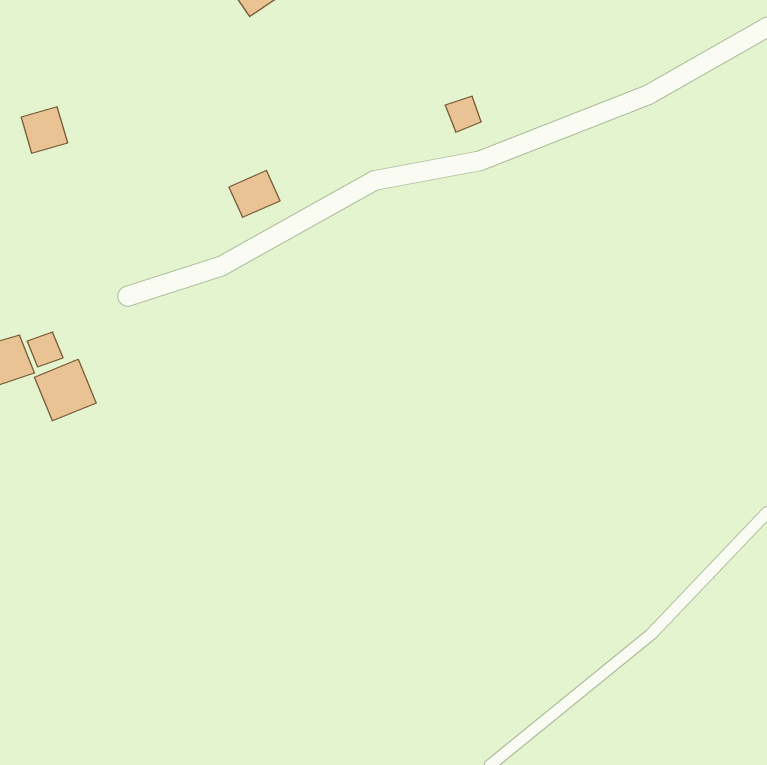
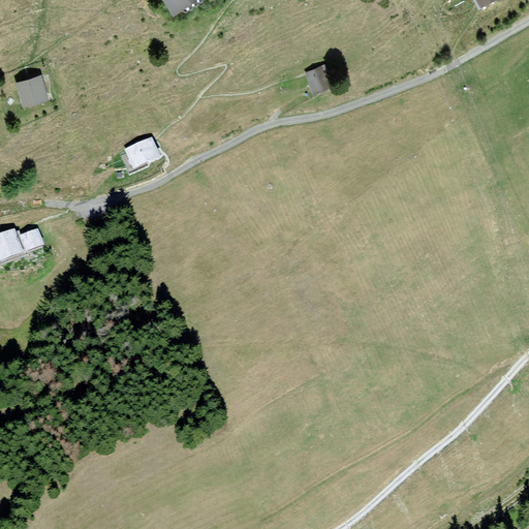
building: [229,171,280,217] -> [124,138,159,170]
building: [34,359,96,421] -> none

